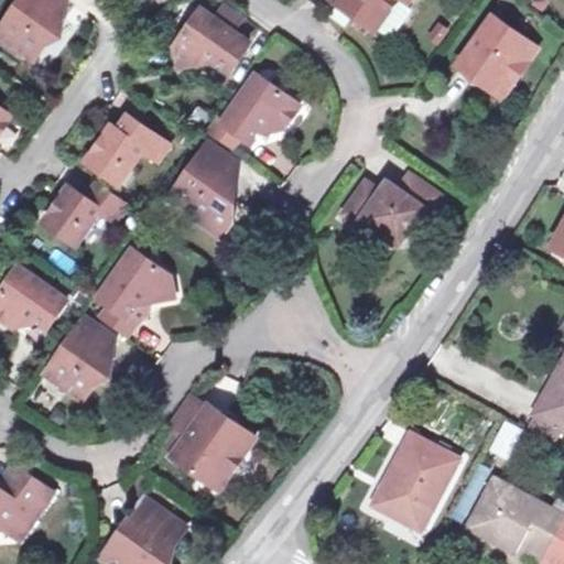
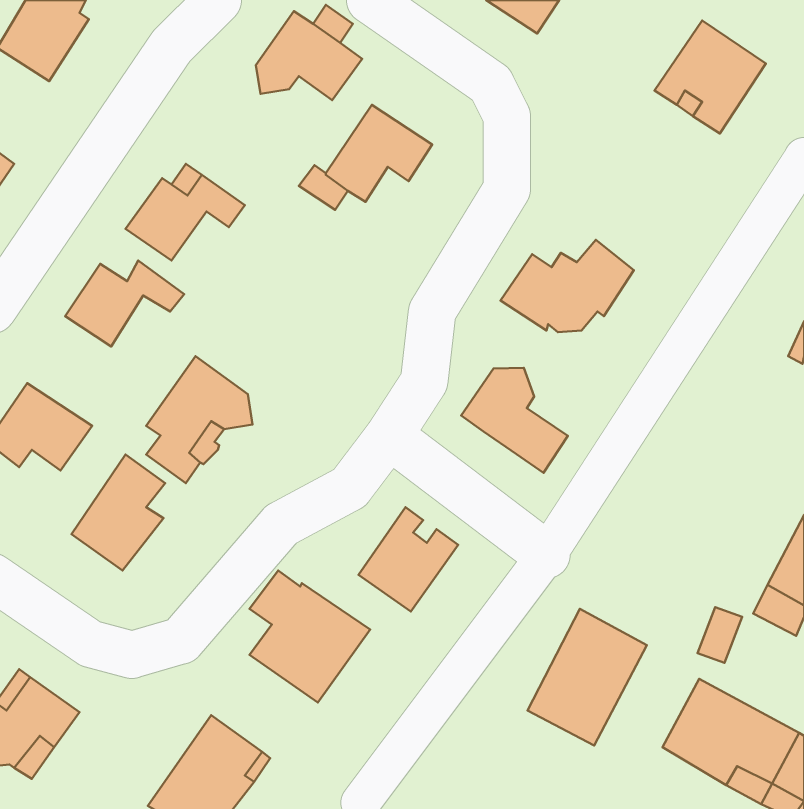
building: [172,142,240,237] -> none
building: none -> [461,368,568,473]
building: none -> [359,507,458,611]

